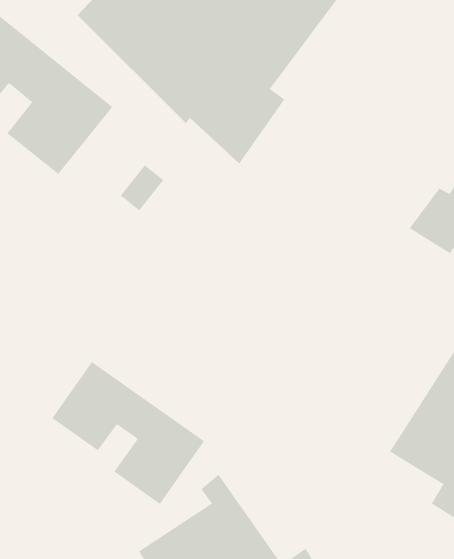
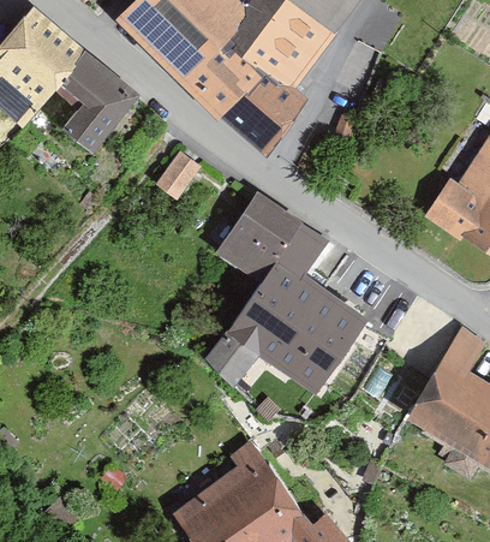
building: none -> [205,190,371,391]
building: [52,361,205,505] -> none

